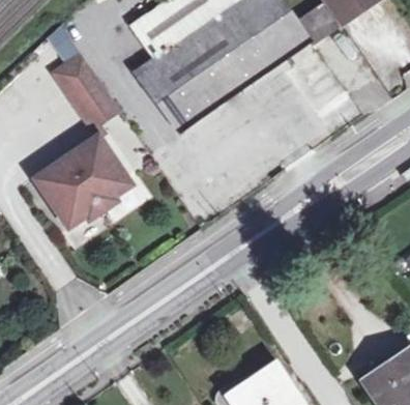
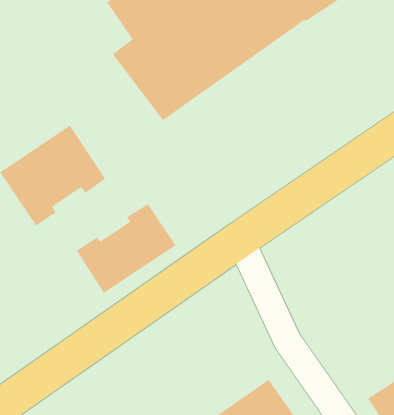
building: [54,53,119,126] -> none
building: none -> [76,203,176,294]

